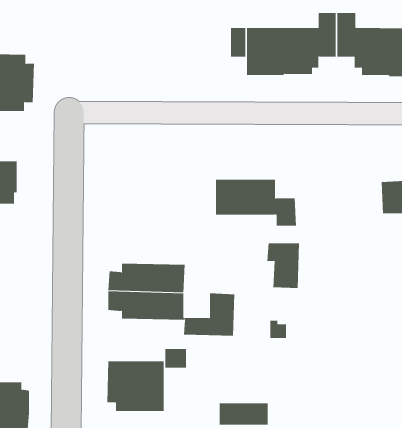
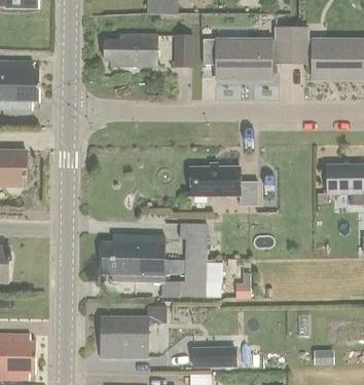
building: none -> [173,33,192,66]
building: none -> [103,34,156,65]
building: [266,243,300,289] -> [179,222,207,260]

